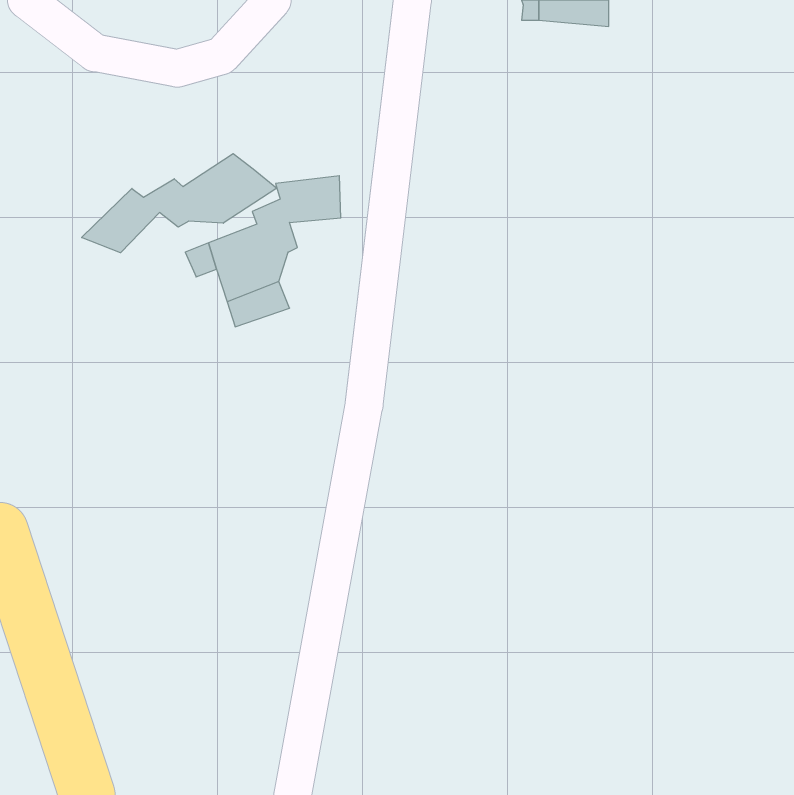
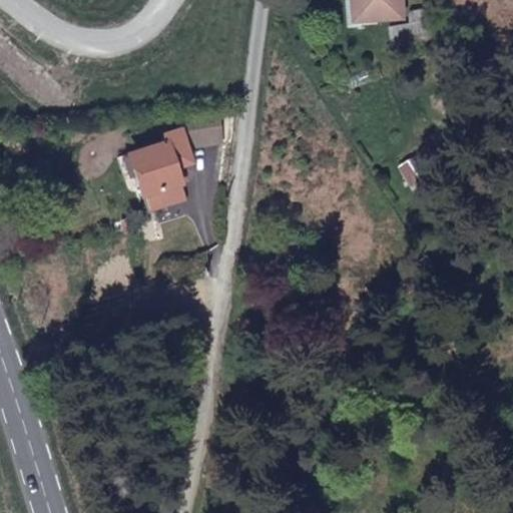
building: [82,154,277,253] -> none

